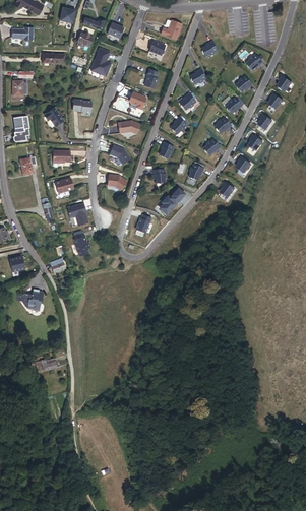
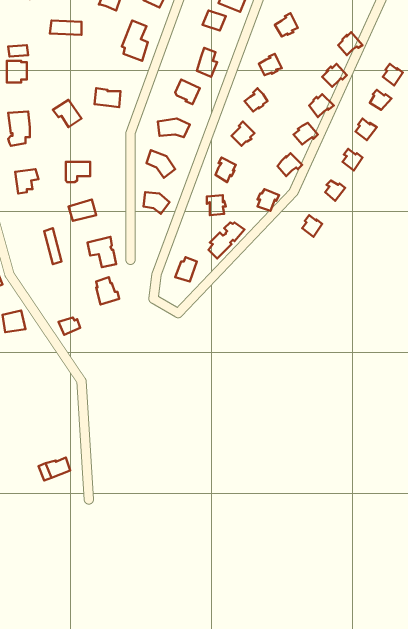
building: [14,289,42,311] -> none

